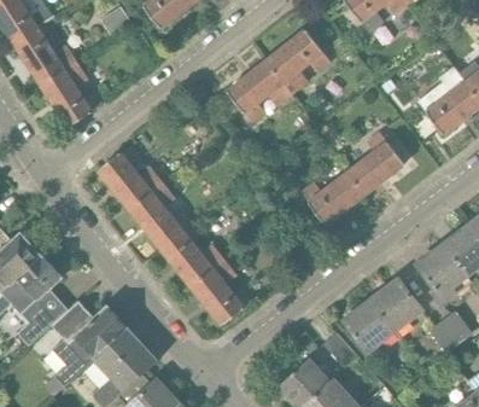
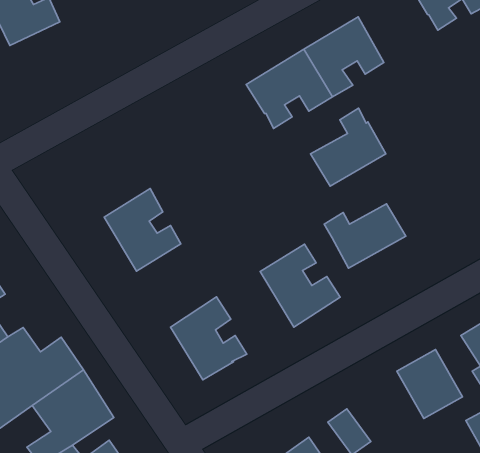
building: [41,63,103,128] -> none
building: [346,132,404,194] -> [311,108,386,186]
building: [99,145,163,209] -> none
building: [160,222,224,287] -> [260,244,340,327]
building: [343,300,396,354] -> none

